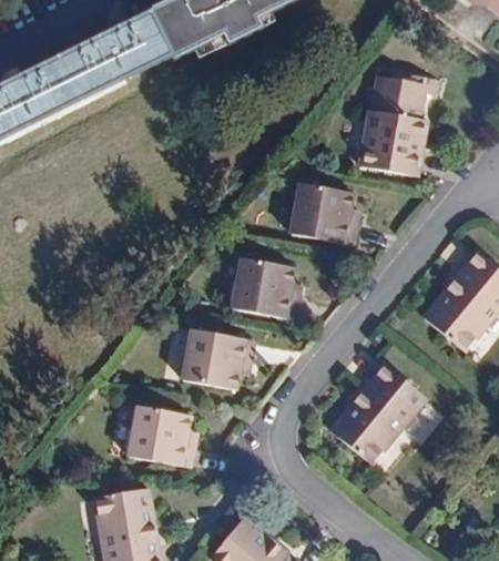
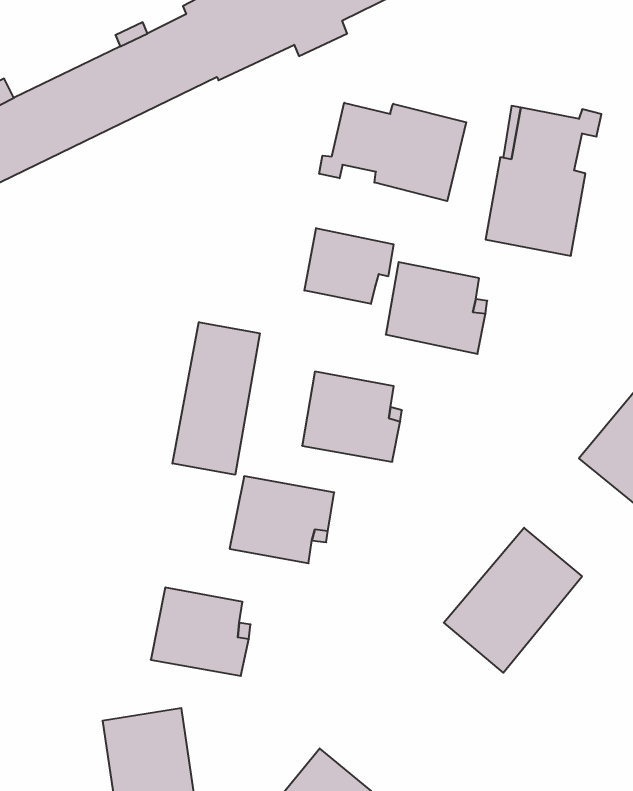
building: none -> [319,103,466,201]
building: none -> [304,228,394,304]
building: none -> [172,322,260,475]

